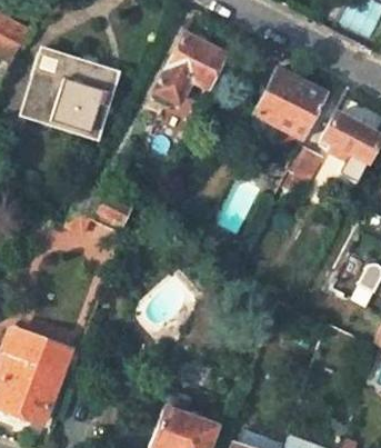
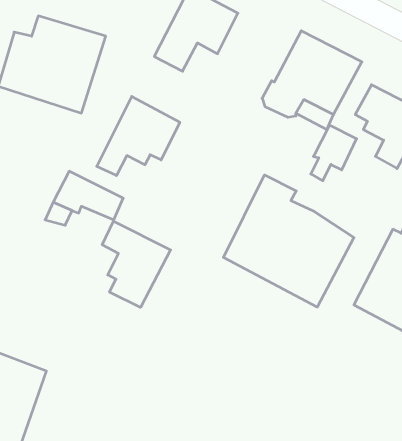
building: none -> [97,96,180,176]
building: none -> [223,175,354,307]
building: none -> [102,221,171,307]

